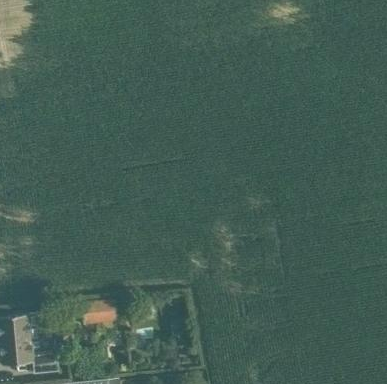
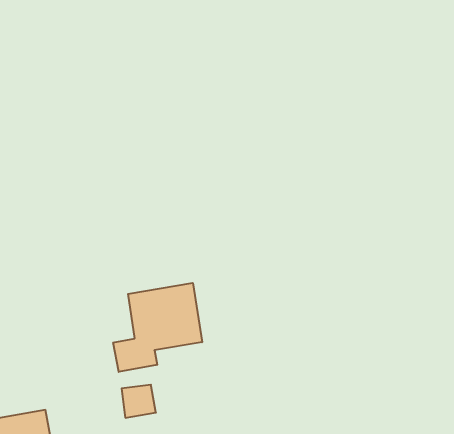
building: none -> [113,283,202,372]

